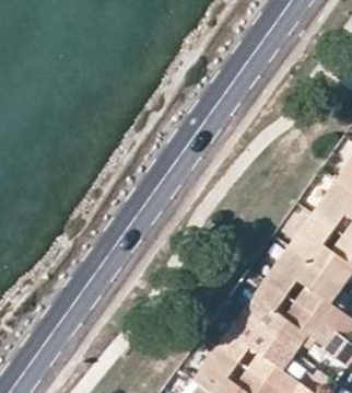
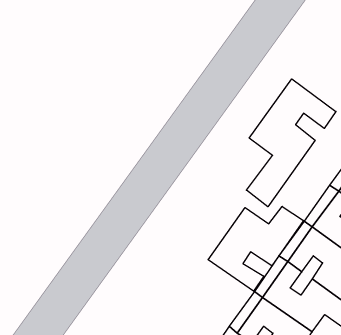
building: none -> [246,79,336,207]
building: none -> [208,206,303,291]

